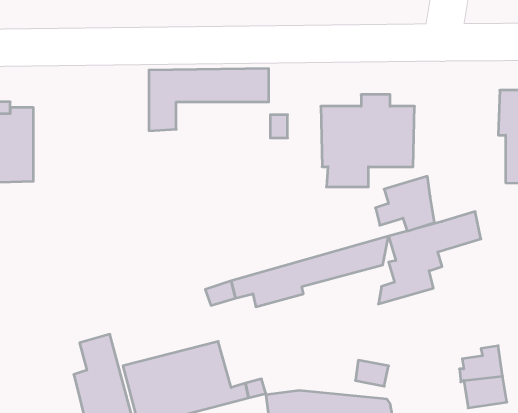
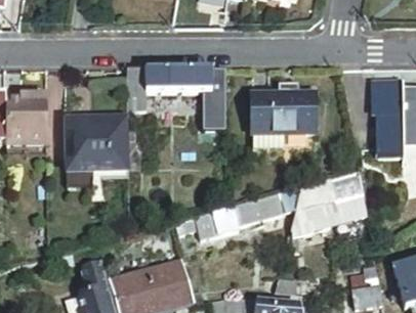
building: none -> [64,118,126,177]
building: [375,176,435,231] -> [324,188,366,227]

